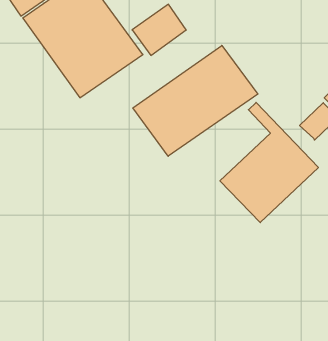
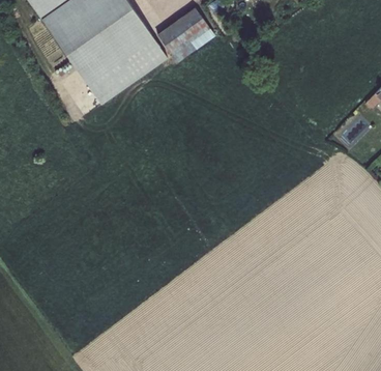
building: [133,45,258,156] -> none
building: [220,102,318,223] -> none

